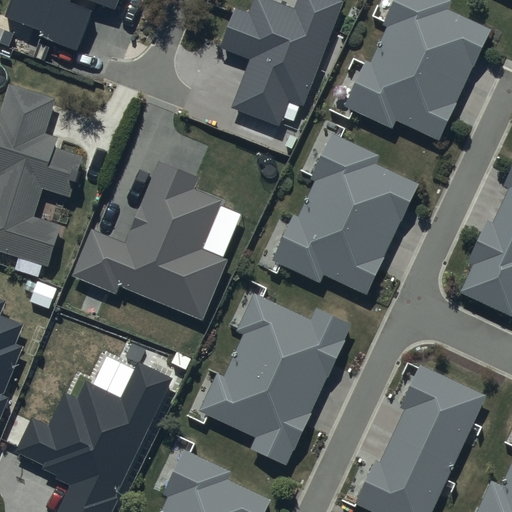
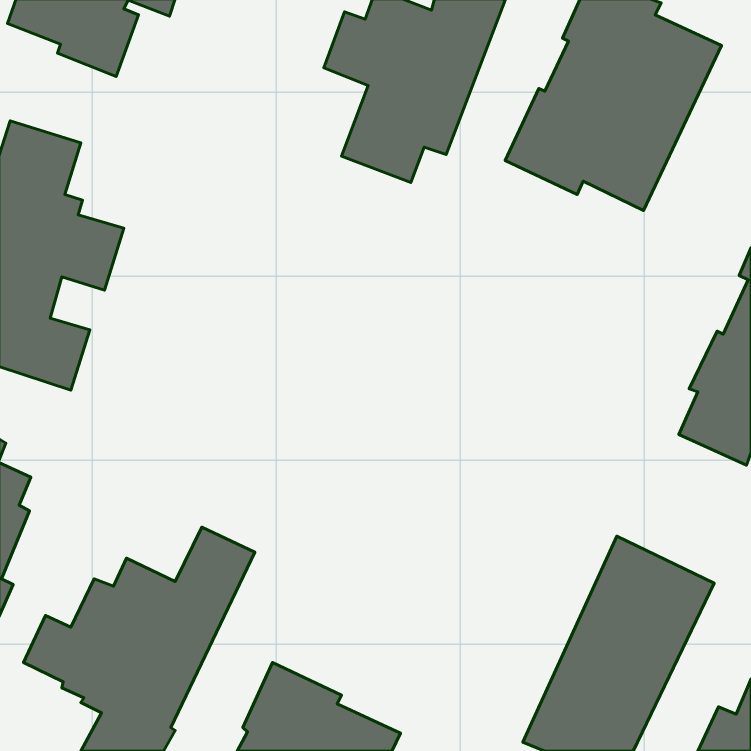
building: [272,134,417,294] -> none
building: [72,156,230,322] -> none
building: [201,293,354,467] -> none

